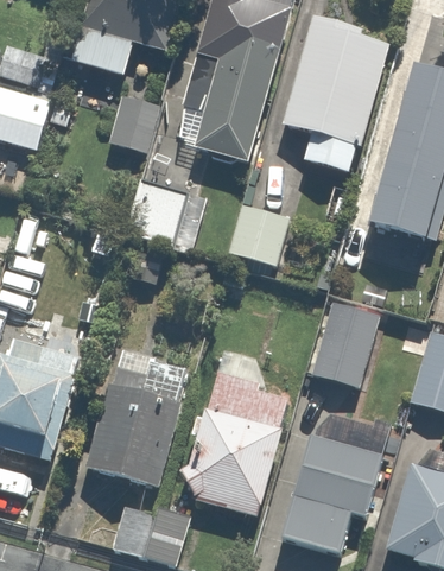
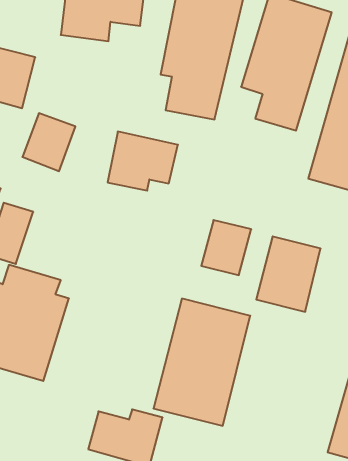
building: [103,88,165,156] -> [22,113,75,171]
building: [230,198,288,262] -> [201,220,251,275]
building: [90,359,194,489] -> none
building: [284,424,378,554] -> none

